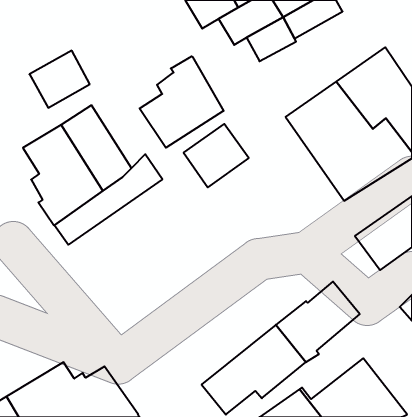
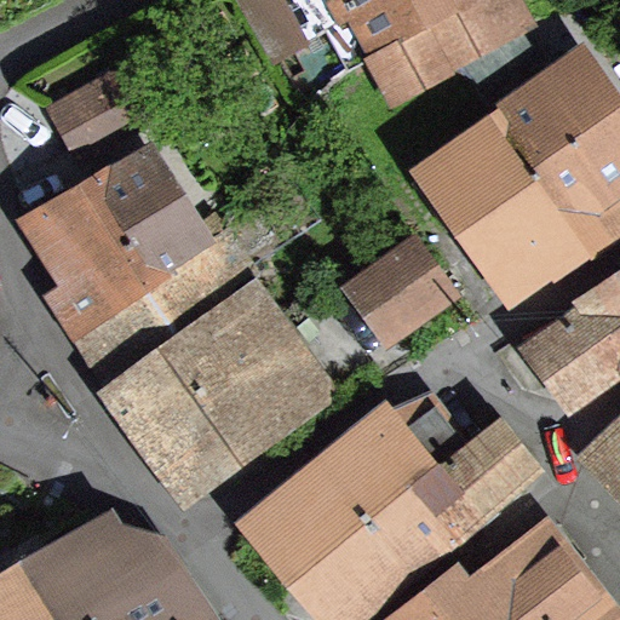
building: [140,56,224,148] -> none
building: [184,124,249,187] -> [349,242,446,337]
building: none -> [108,289,309,478]
building: none -> [264,401,454,570]

